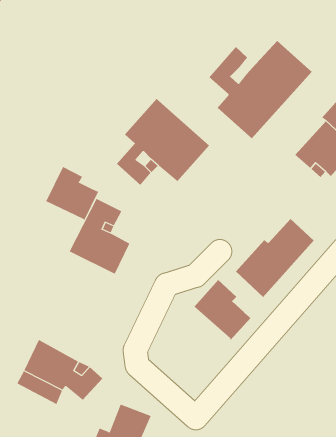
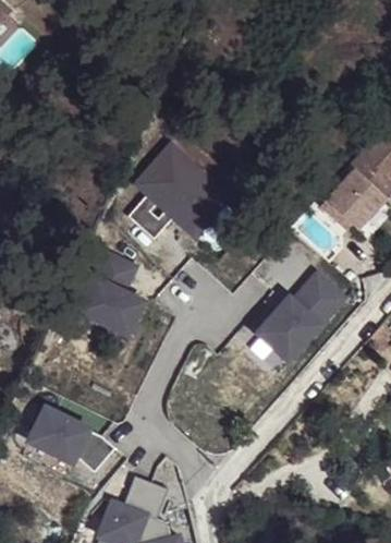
building: [208,40,312,139] -> none
building: [46,166,99,221] -> none
building: [194,279,251,341] -> none

